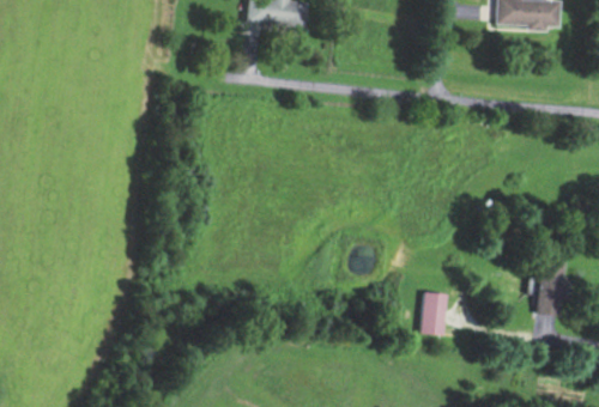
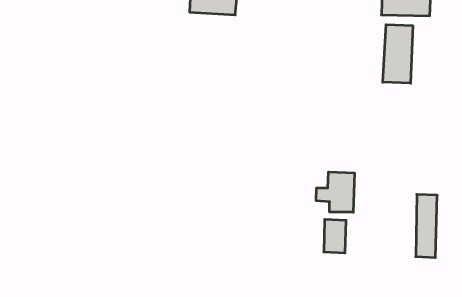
building: none -> [383,25,413,83]
building: none -> [316,172,354,212]

